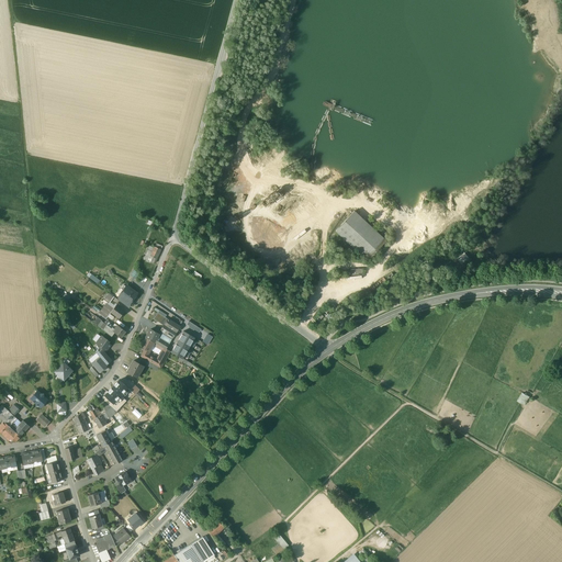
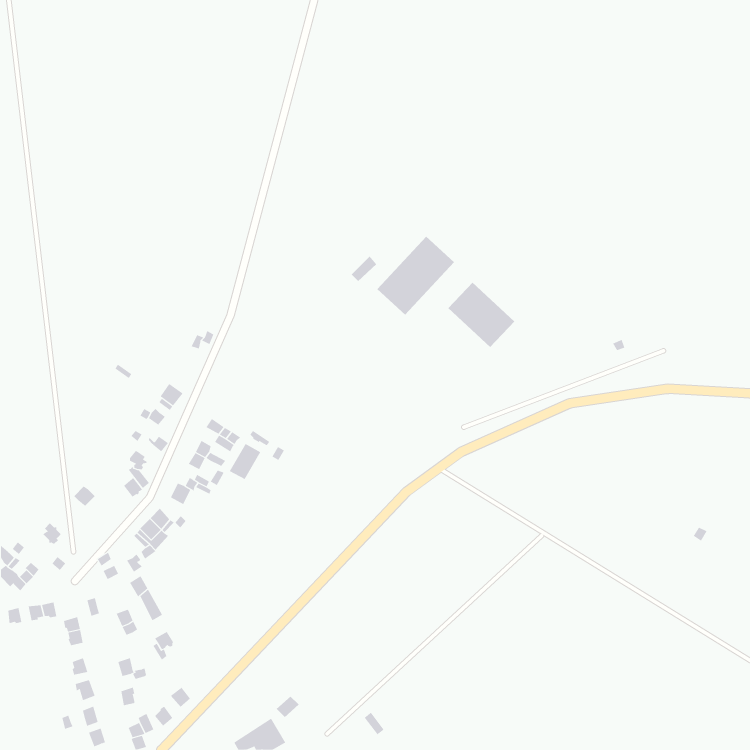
building: none -> [377,236,455,315]

